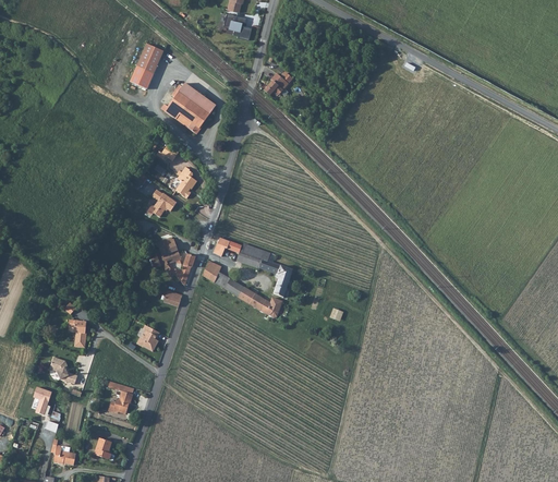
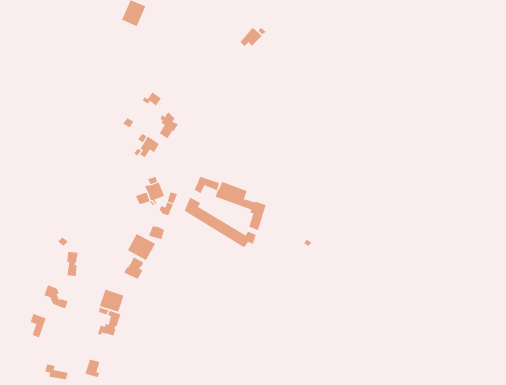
building: [163,82,215,134] -> none
building: none -> [127,233,156,261]
building: none -> [99,289,124,313]

